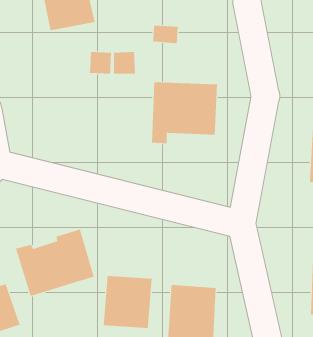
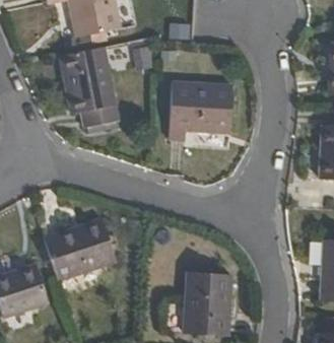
building: none -> [59,44,116,123]
building: [103,275,152,329] -> none

